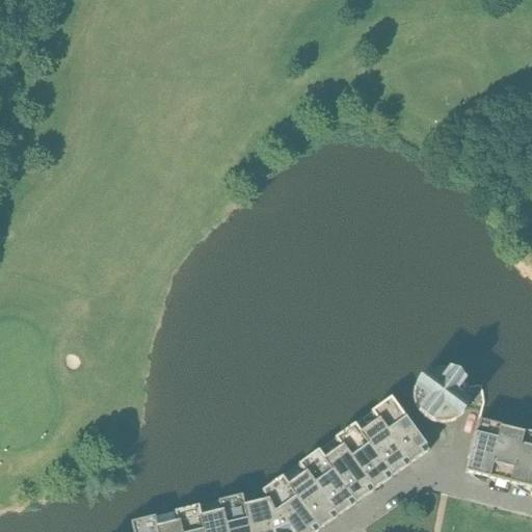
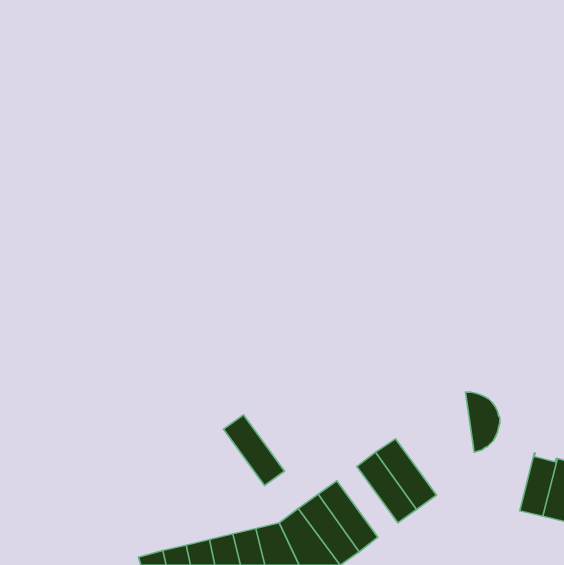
building: [415,368,447,424] -> none
building: [373,397,430,464] -> none
building: [467,420,503,479] -> none
building: [318,437,375,504] -> [223,415,284,486]

